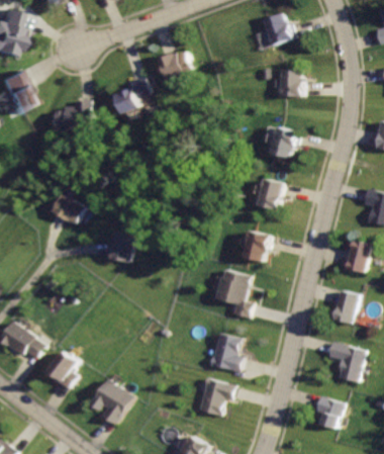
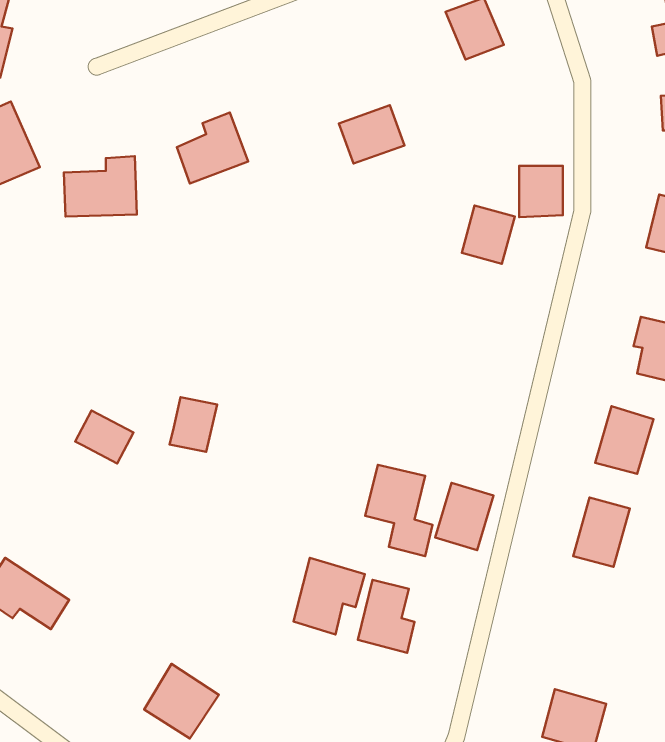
building: [154,50,190,82] -> [339,105,404,164]
building: [276,68,300,96] -> [519,166,563,217]
building: [255,176,286,210] -> none
building: [49,194,81,223] -> [75,410,134,463]
building: [242,229,274,266] -> [435,483,494,550]
building: [327,342,367,381] -> none
building: [47,351,82,392] -> none
building: [196,375,235,418] -> [293,558,365,634]

